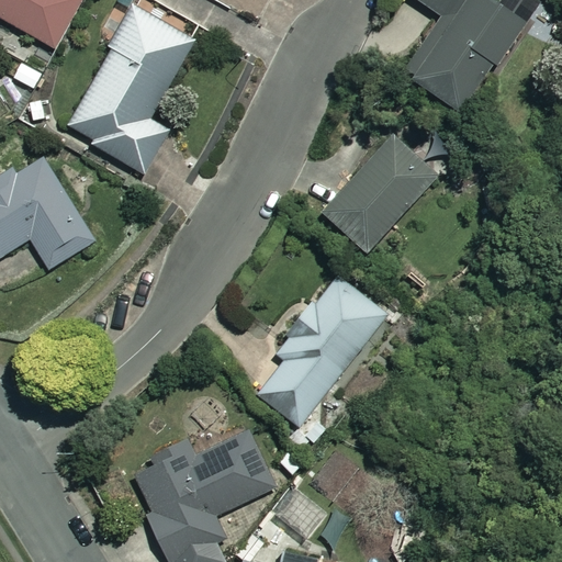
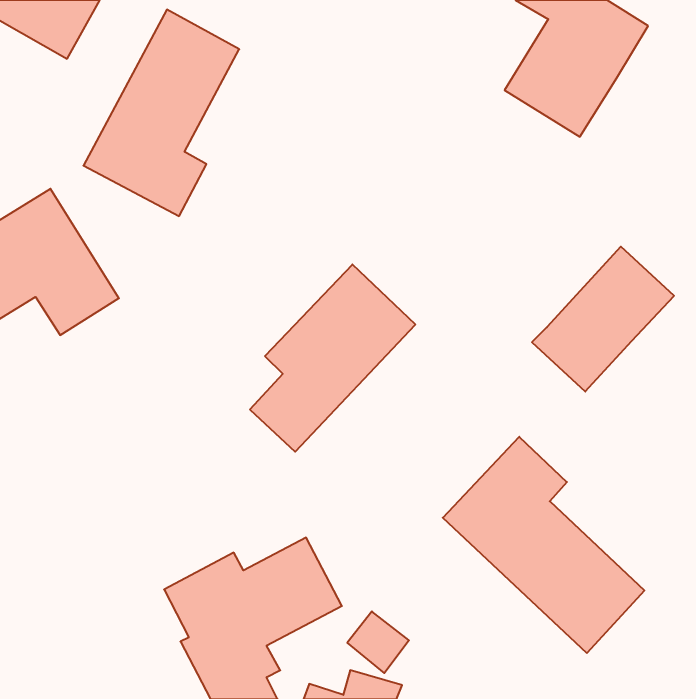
building: [321,134,435,250] -> [532,247,674,392]
building: [259,276,392,426] -> [250,264,415,452]
building: none -> [443,437,644,653]

